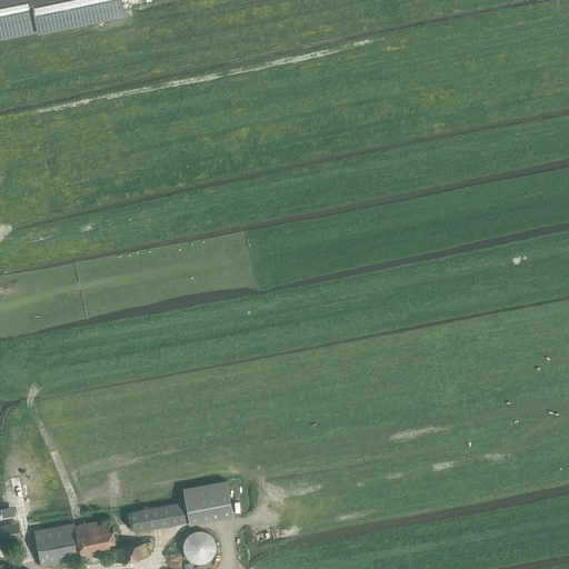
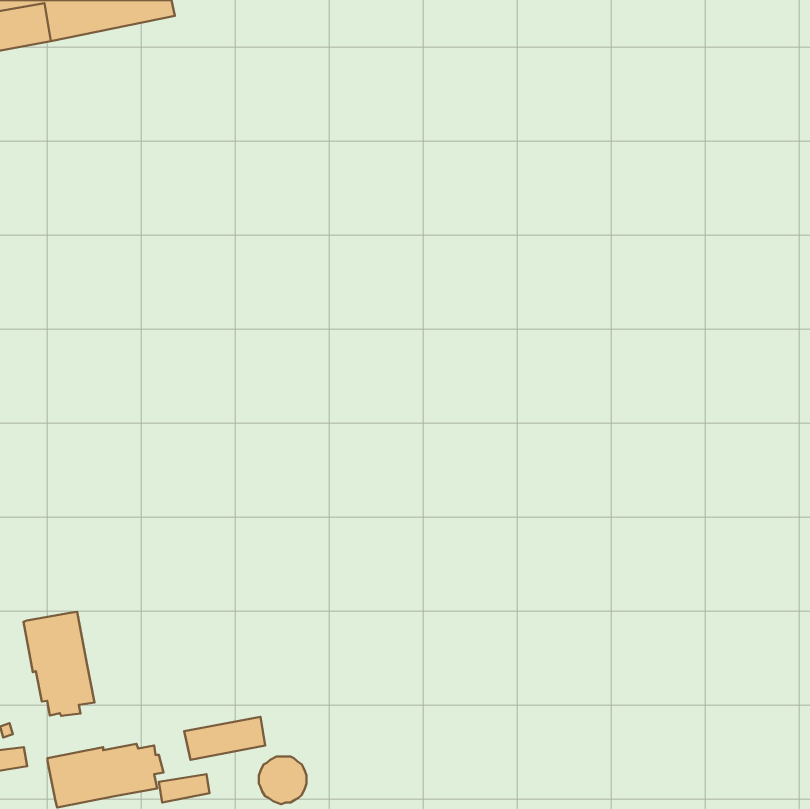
building: none -> [24,612,94,716]
building: [184,478,233,522] -> none

